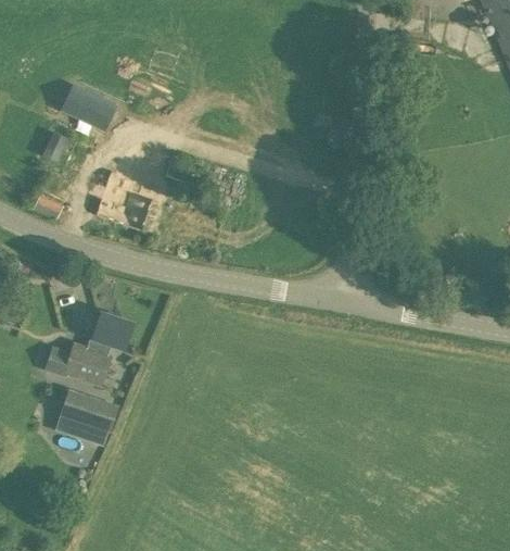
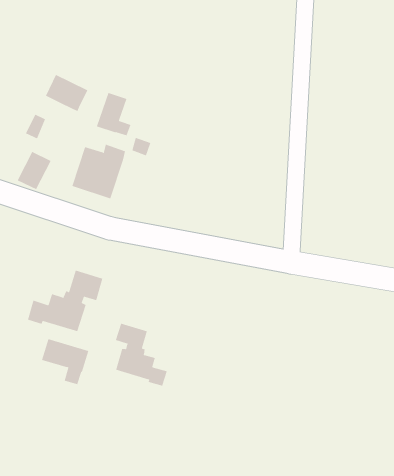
building: none -> [96,92,131,136]
building: none -> [115,323,167,387]

